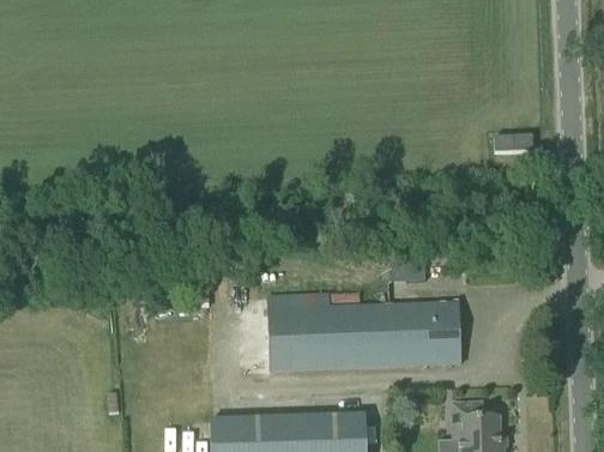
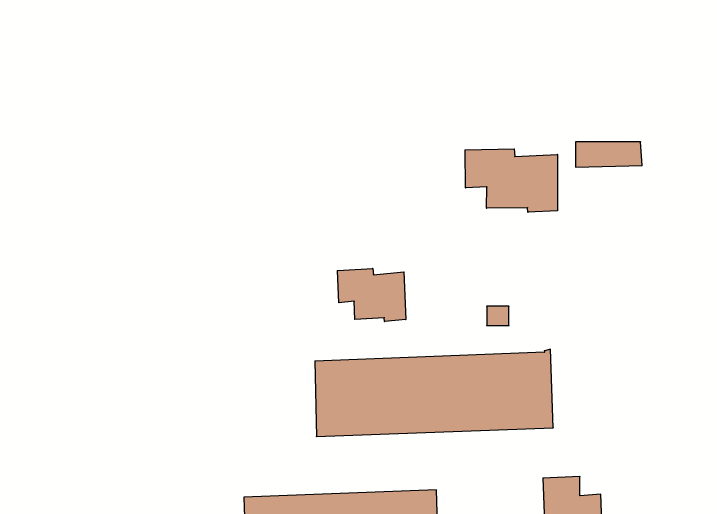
building: none -> [465,149,557,212]
building: none -> [337,268,406,322]

